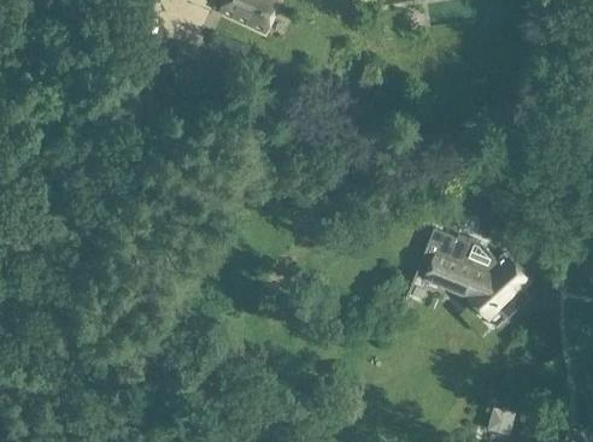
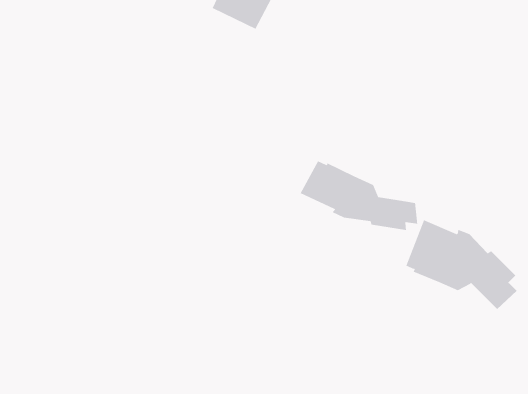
building: none -> [300,160,418,231]

